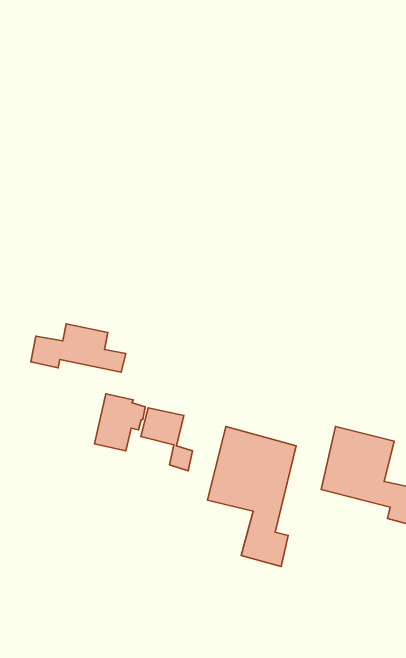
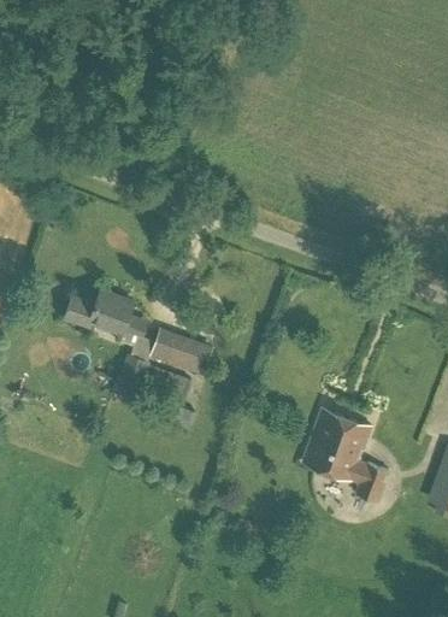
building: none -> [147,327,211,375]
building: [207,426,296,567] -> none

